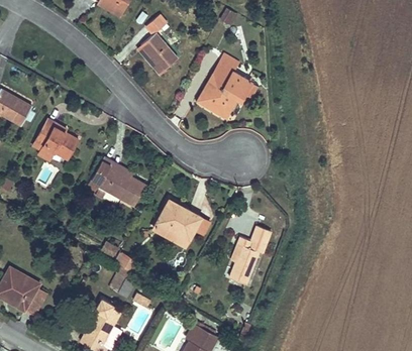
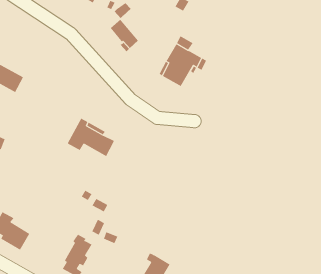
building: [37,117,80,157] -> none
building: [152,199,200,244] -> none
building: [229,225,271,283] -> none

